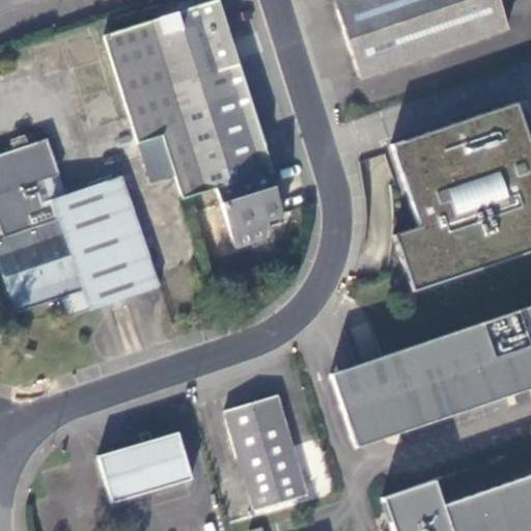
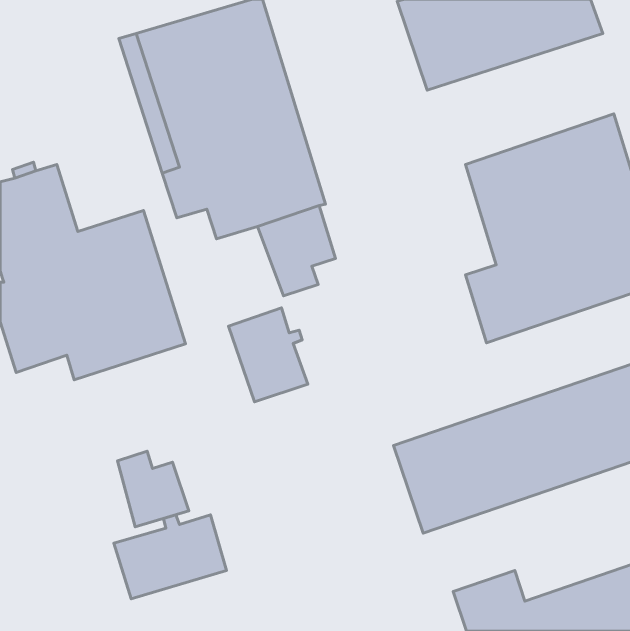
building: none -> [229,308,308,402]
building: none -> [117,451,189,527]
building: [226,394,307,508] -> none

